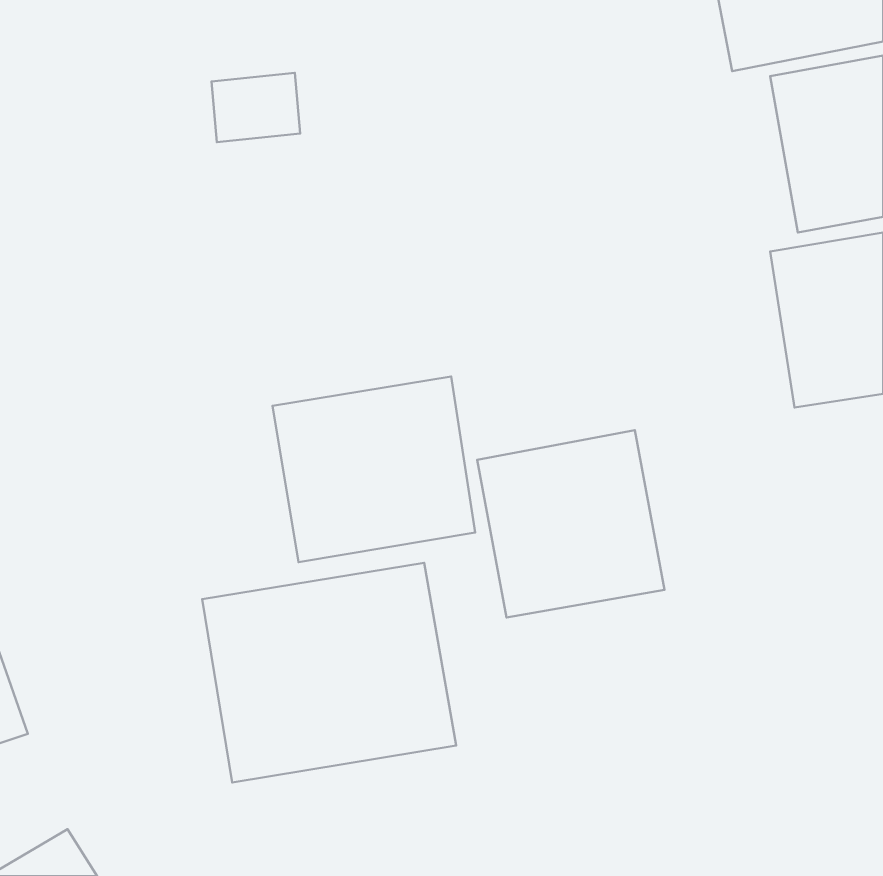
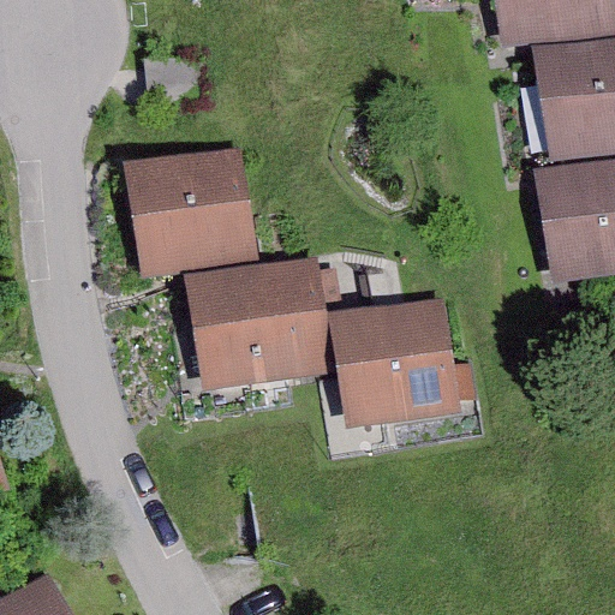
building: none -> [126,147,258,270]
building: [202,563,456,782] -> none

